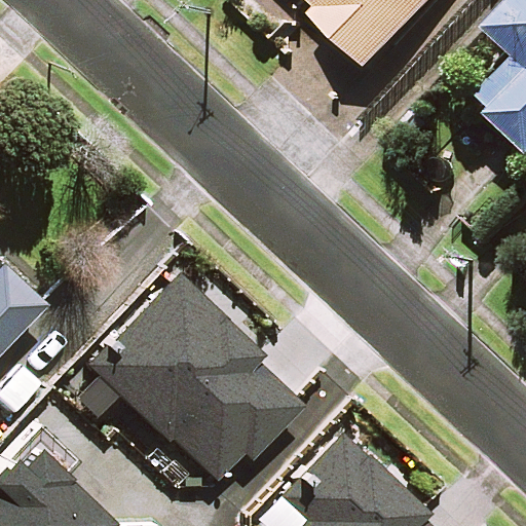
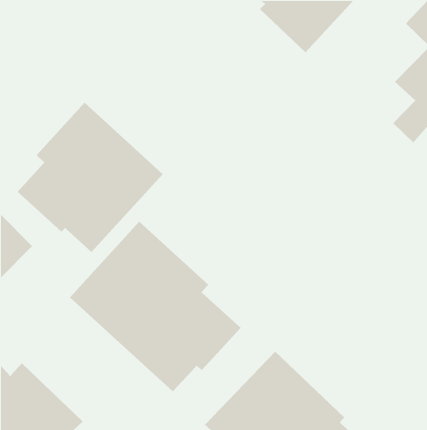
building: none -> [17,102,164,253]

